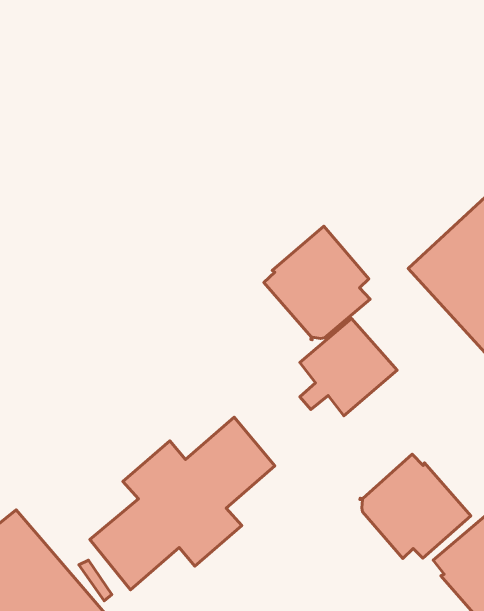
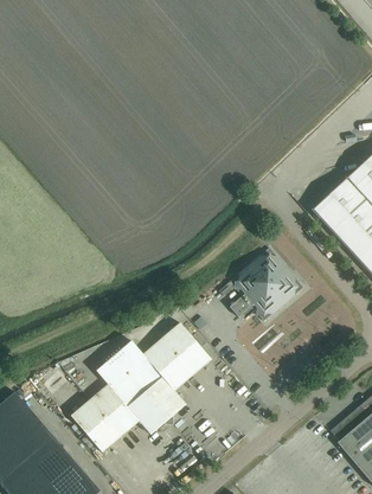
building: [264,226,370,340] -> none
building: [360,454,471,559] -> none

